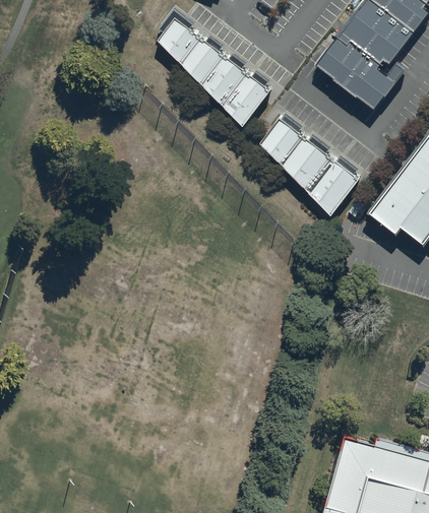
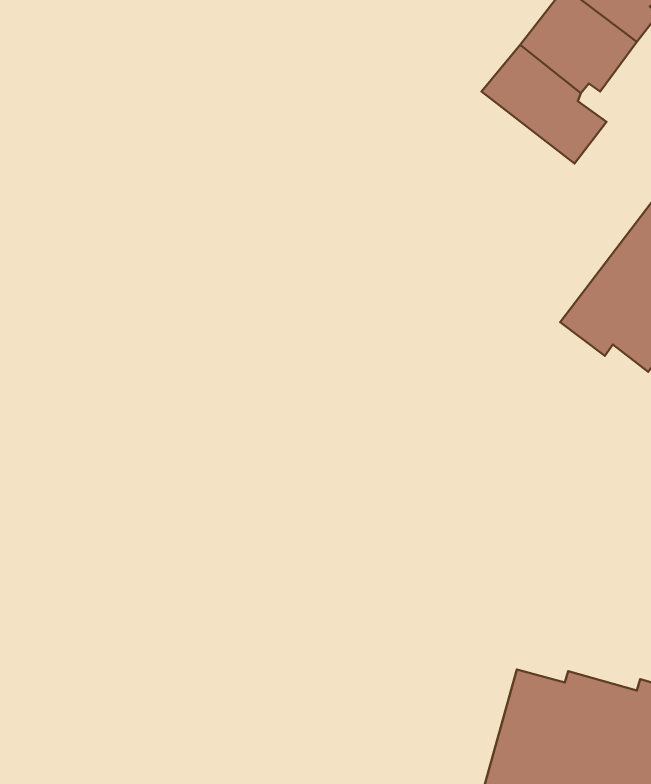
building: [158,17,269,125] -> none
building: [260,119,358,215] -> none

